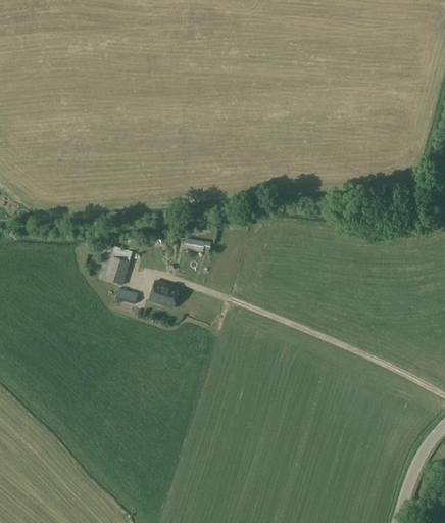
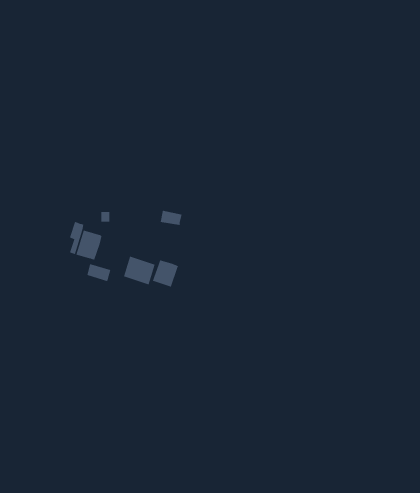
building: none -> [152,260,179,288]

